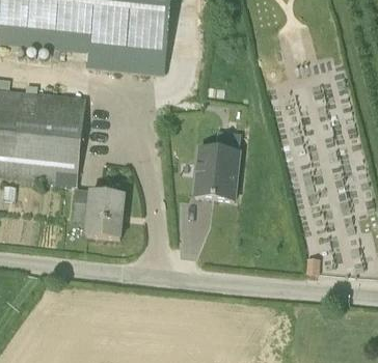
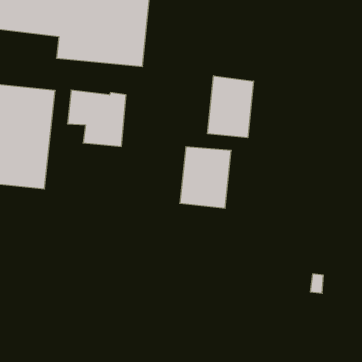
building: none -> [208,76,254,138]
building: [73,187,124,235] -> [67,90,126,146]

